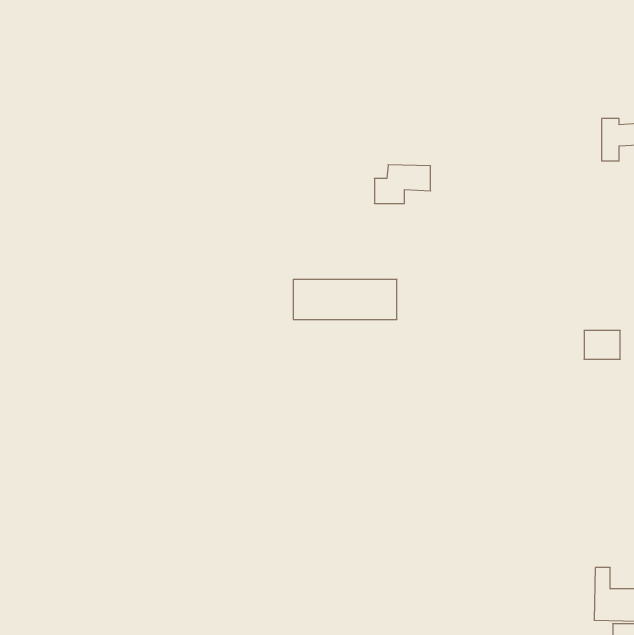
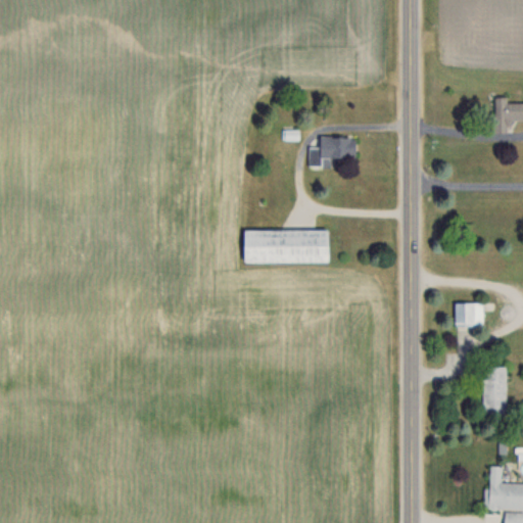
building: [584,331,620,359] -> [455,303,484,327]
building: none -> [484,367,508,416]

